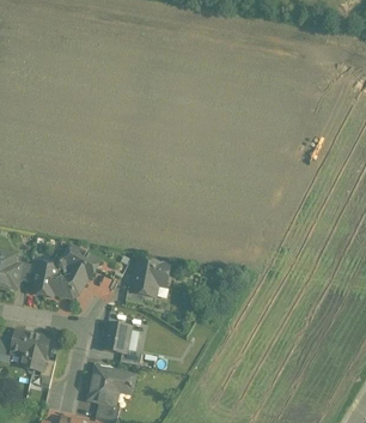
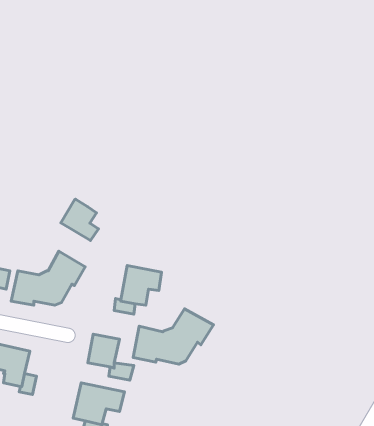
building: none -> [61,199,99,241]
building: none -> [133,309,214,364]

